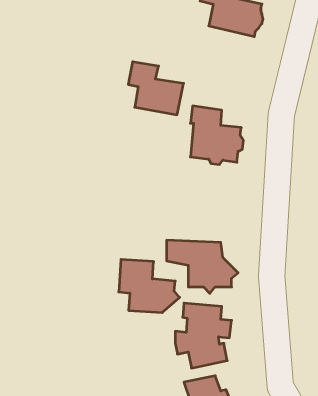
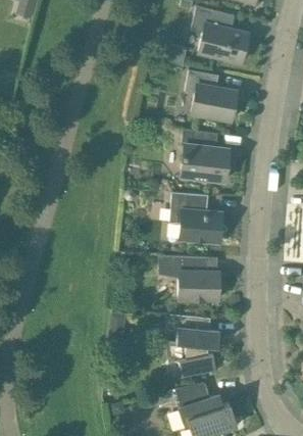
building: [128,62,184,115] -> [186,70,238,120]
building: [119,259,180,313] -> [170,192,228,242]

